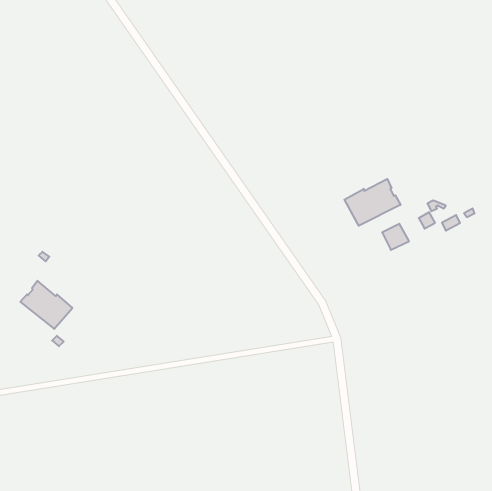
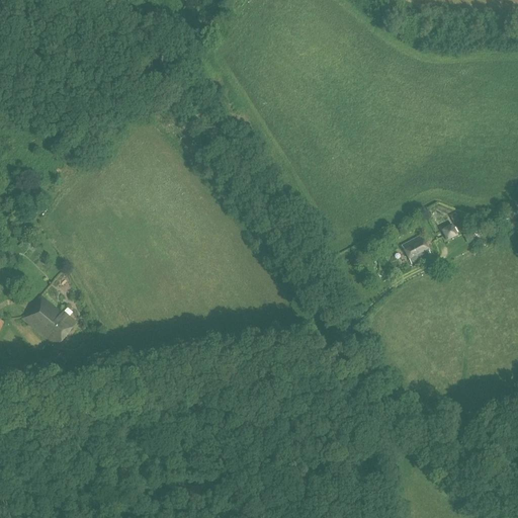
building: [344,179,401,226] -> none

